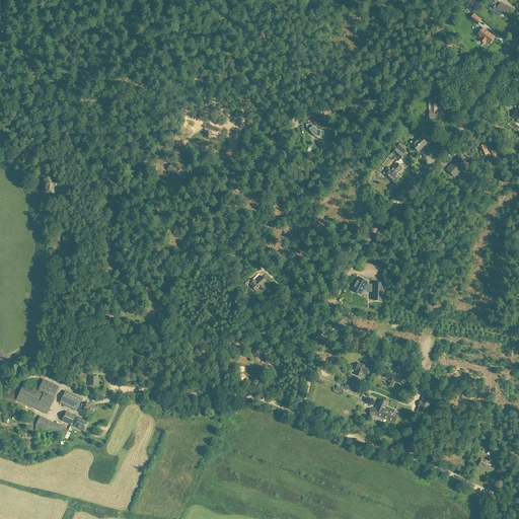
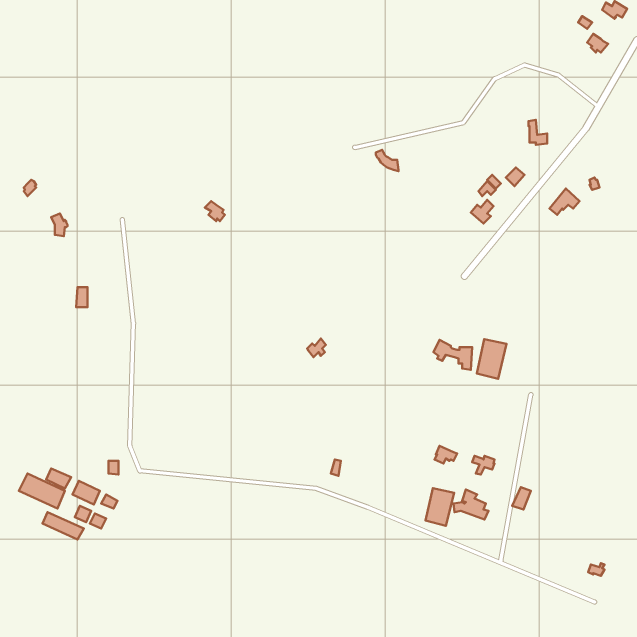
building: none -> [477,339,506,379]
building: none -> [425,488,454,526]

